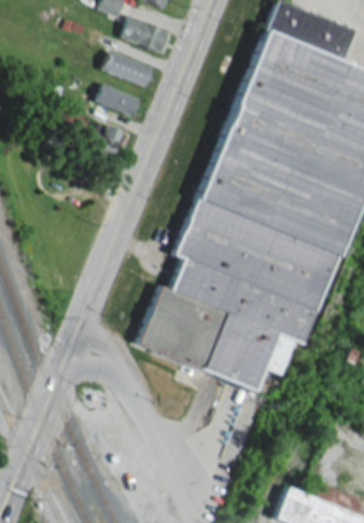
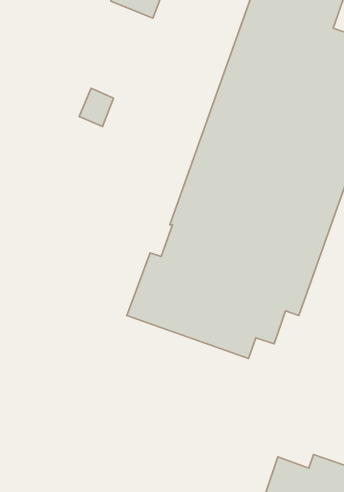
building: [103,51,154,87] -> none
building: [97,84,142,116] -> none

